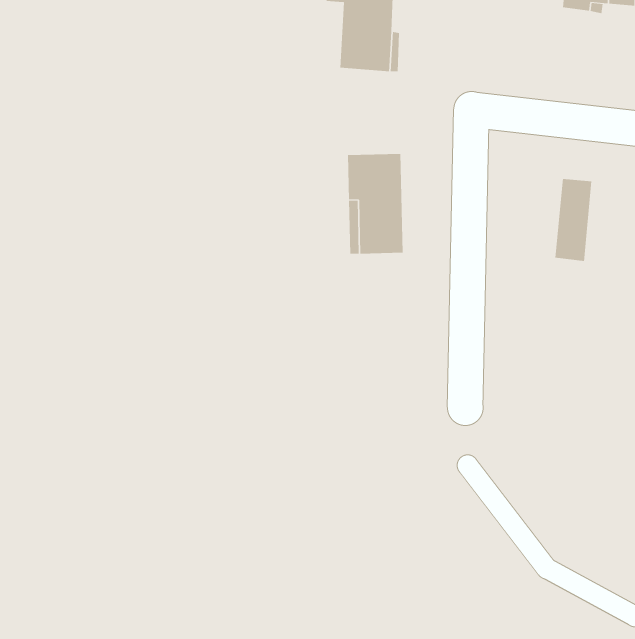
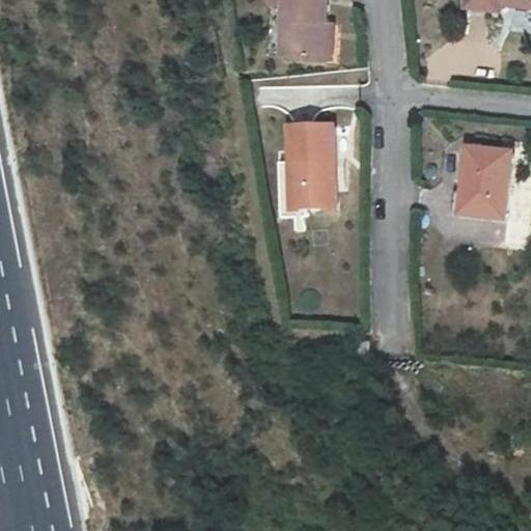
building: none -> [482,149,509,218]

